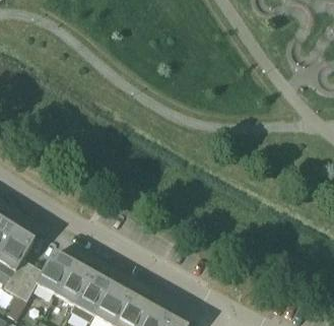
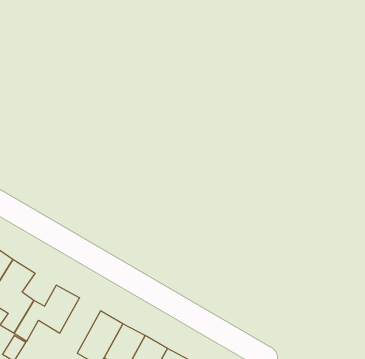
building: [55,262,90,303] -> none

